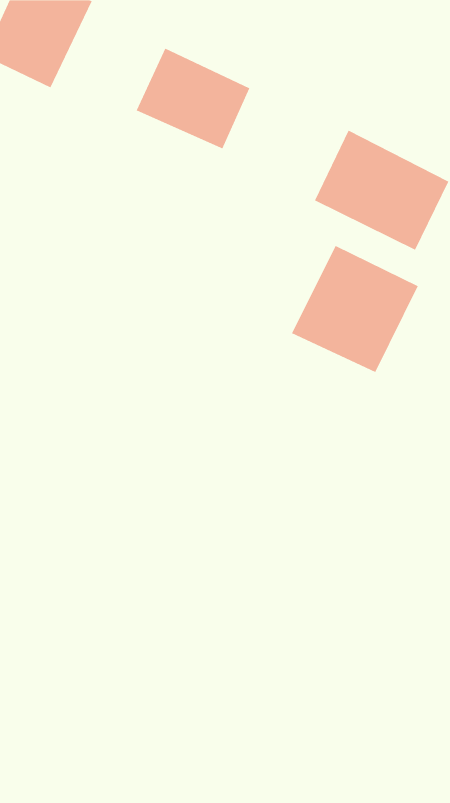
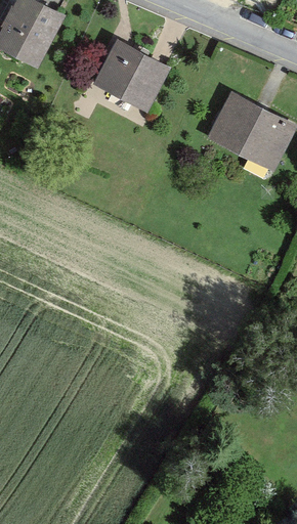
building: [291,245,418,373] -> none

